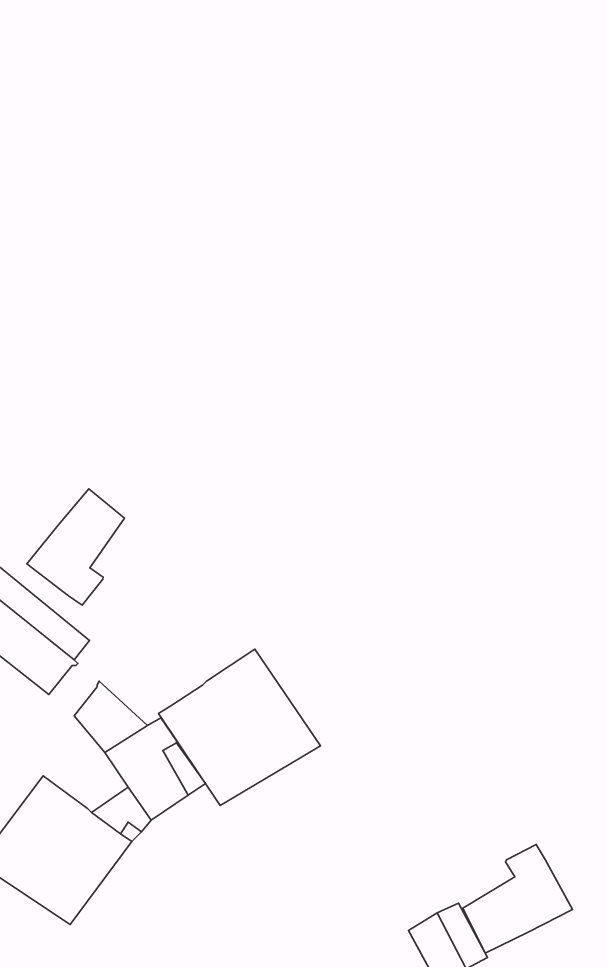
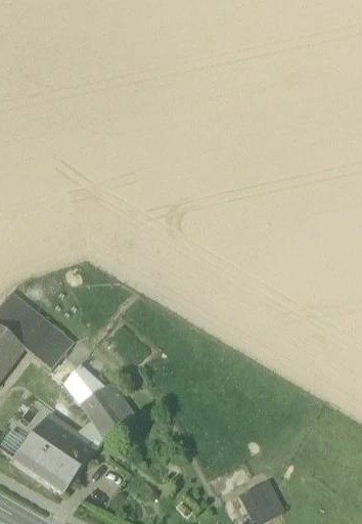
building: [27,489,124,605] -> none
building: [158,649,321,806] -> none
building: [463,845,573,953] -> none

